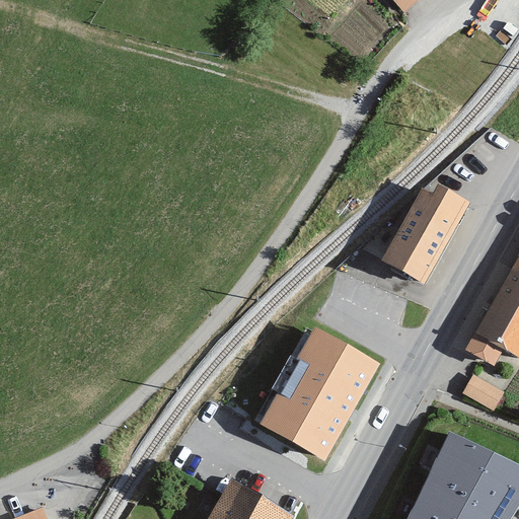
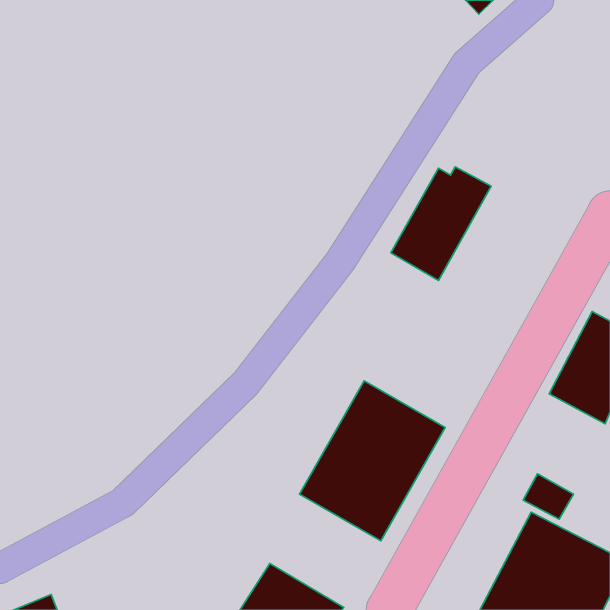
building: [383,187,468,283] -> [391,167,491,280]
building: [464,369,507,407] -> [523,474,573,519]

